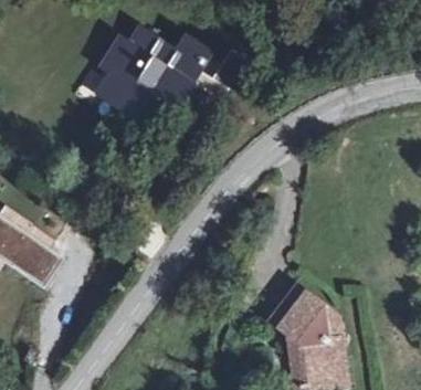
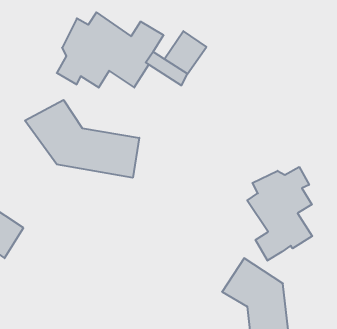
building: none -> [25,100,139,178]
building: none -> [247,167,312,261]

